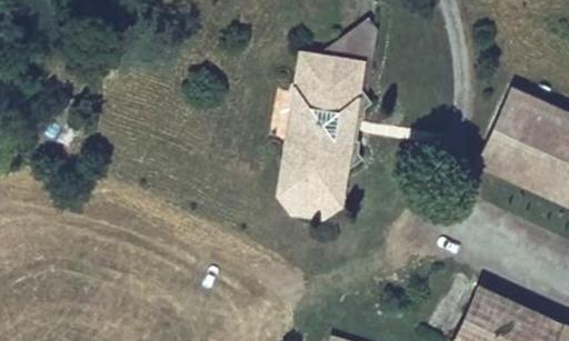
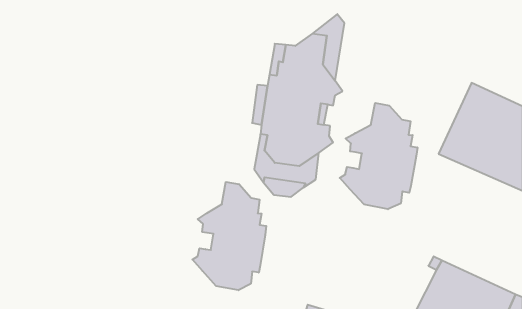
building: none -> [340,103,417,209]
building: none -> [192,182,266,290]

